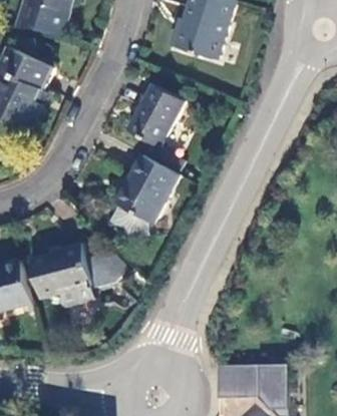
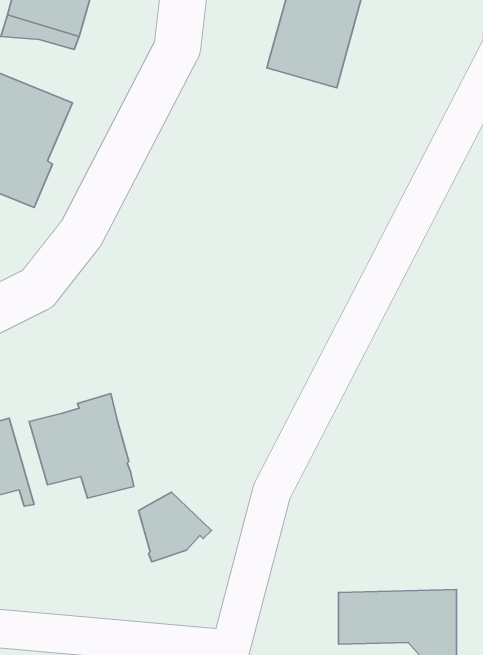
building: [127,84,184,147] -> none
building: [110,155,179,238] -> none
building: [84,249,128,291] -> [138,492,212,562]

